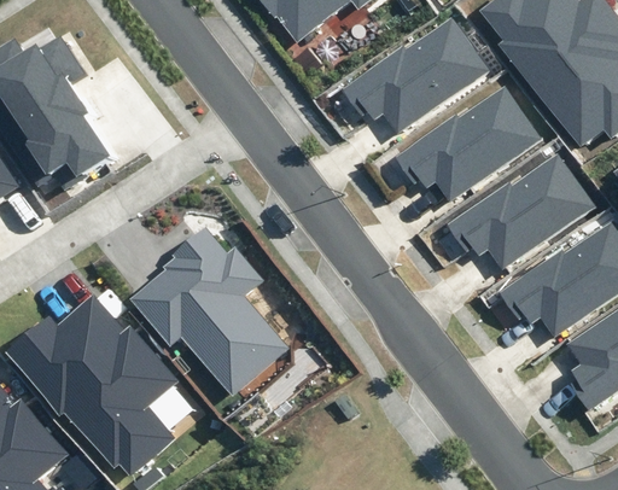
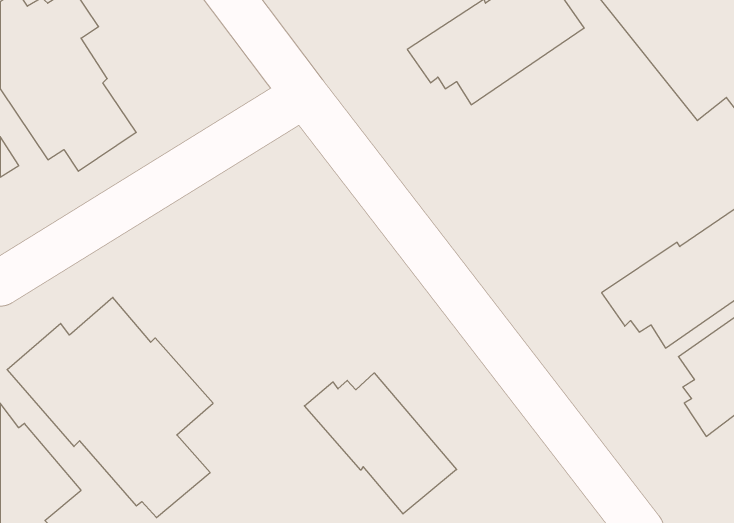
building: [395,86,541,200] -> none
building: [448,154,594,269] -> none
building: [133,227,291,397] -> none
building: none -> [304,373,457,514]

